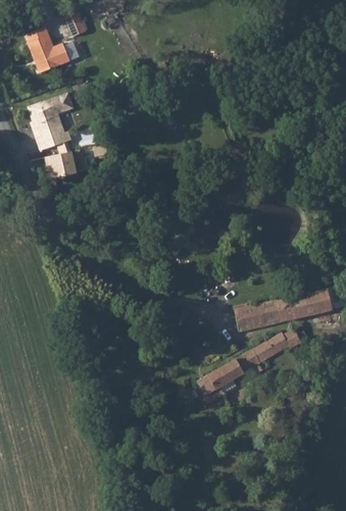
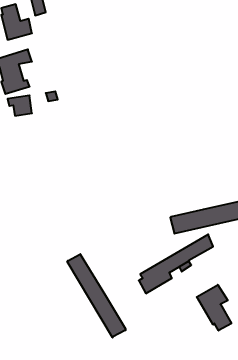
building: none -> [67,254,126,338]
building: none -> [197,285,231,331]

